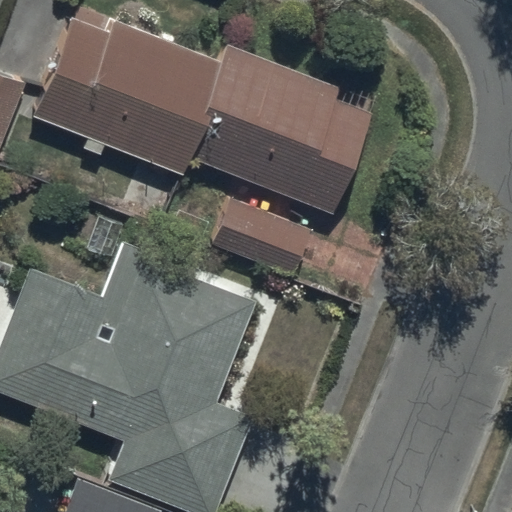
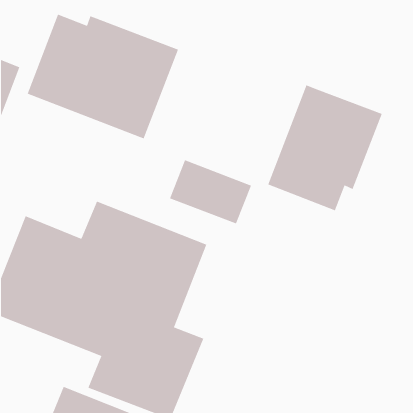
building: [185,45,372,214] -> none
building: none -> [267,84,382,211]

